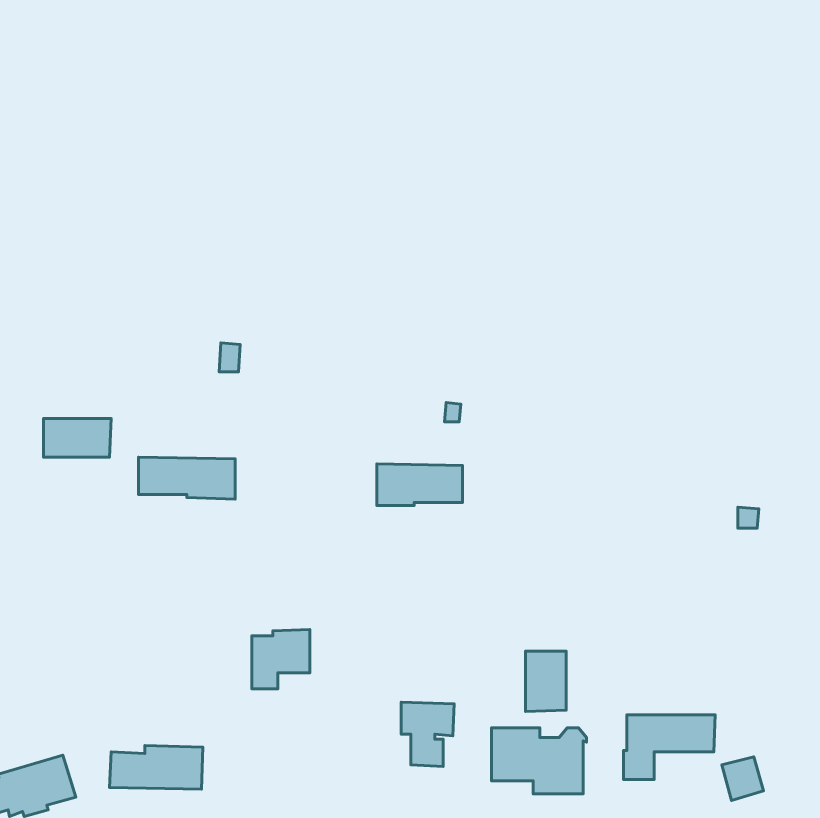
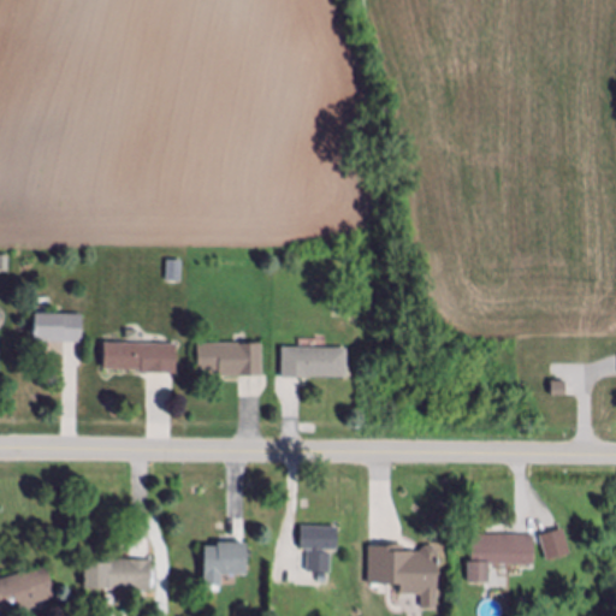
building: none -> [197,342,262,377]
building: [252,629,310,689] -> [202,541,245,586]
building: [525,651,566,712] -> none
building: [722,757,764,800] -> [537,526,568,558]

